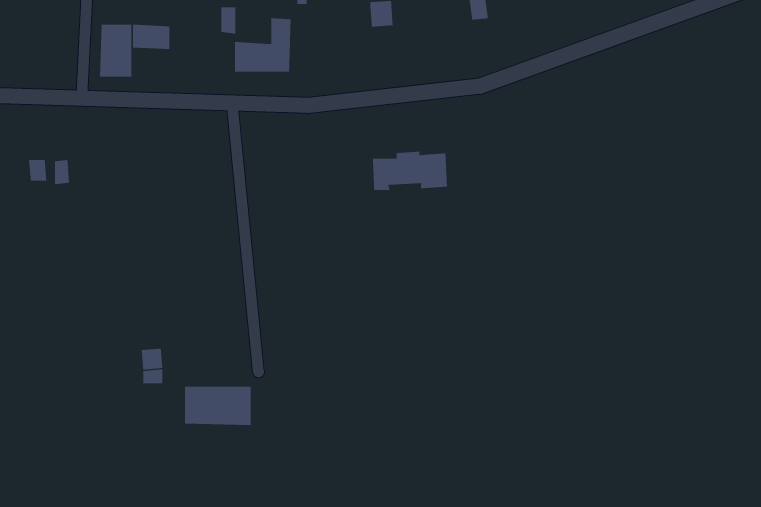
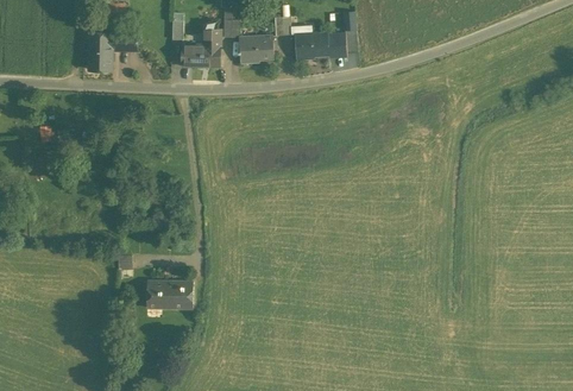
building: none -> [238,34,272,62]
building: [372,151,448,191] -> [294,31,346,58]

